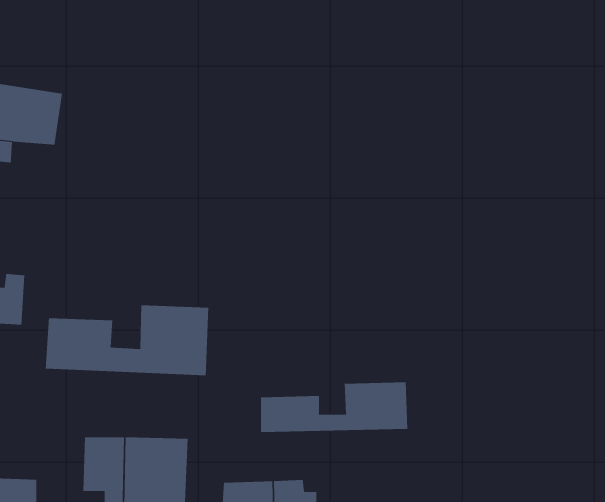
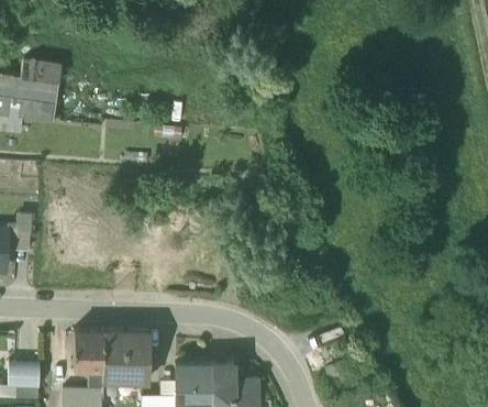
building: none -> [21,56,62,81]
building: [45,305,209,376] -> none
building: [260,381,408,433] -> none

